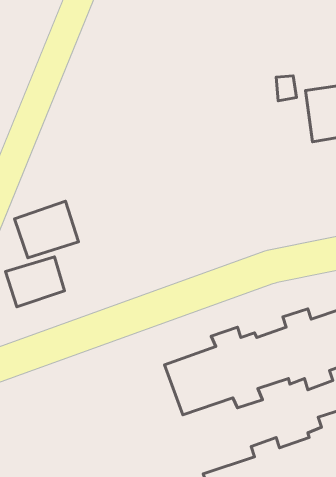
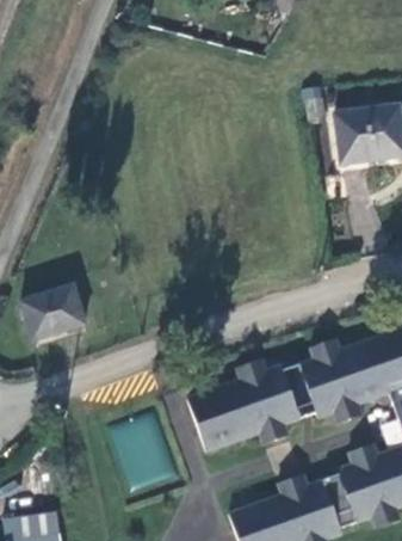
building: [15,201,79,258] -> none

